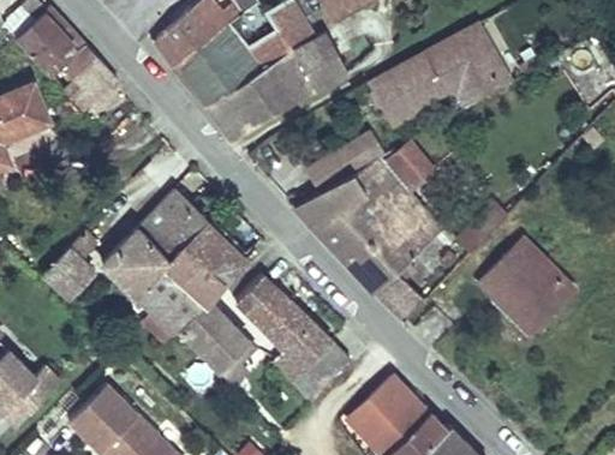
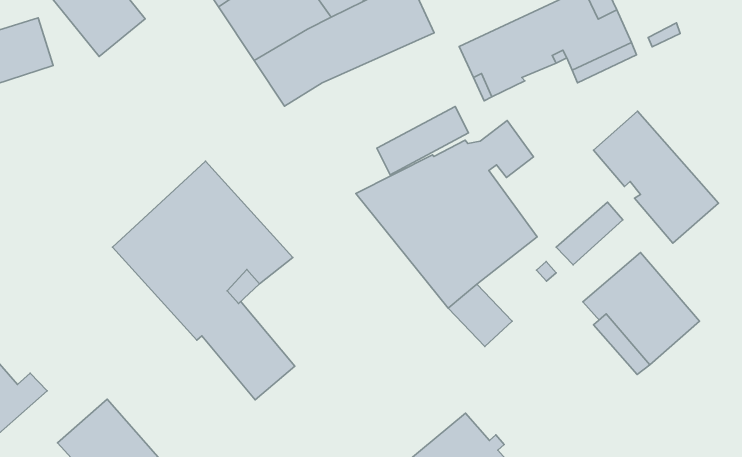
building: none -> [594,111,718,243]
building: [44,233,92,295] -> none
building: [237,275,348,399] -> none

